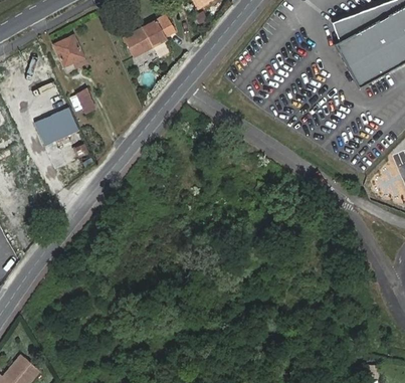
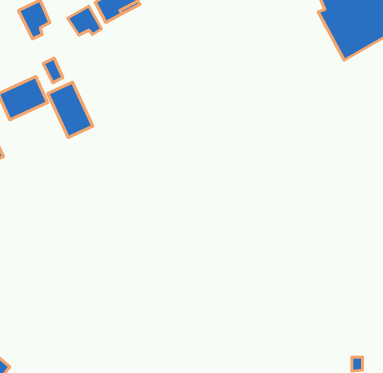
building: none -> [68,6,101,35]
building: none -> [48,82,93,137]

